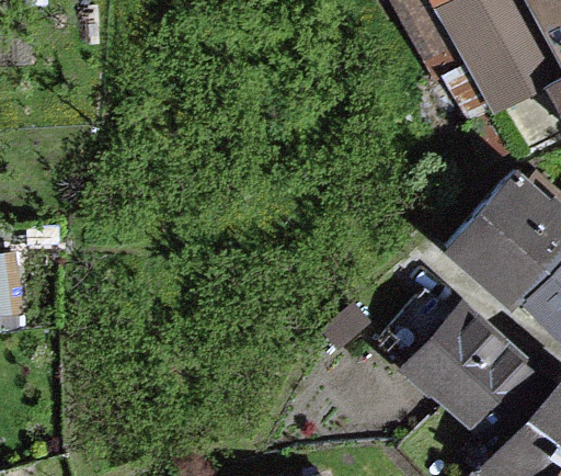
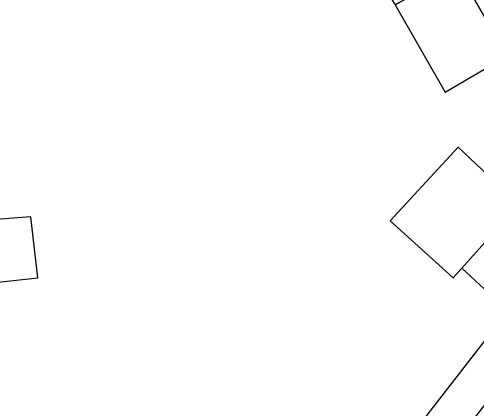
building: [400,310,530,439] -> none

